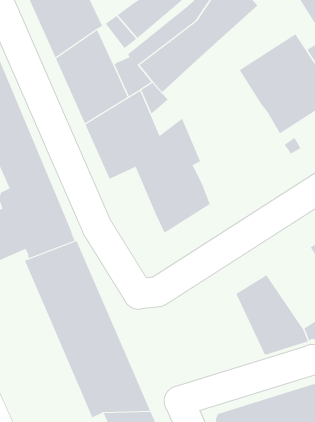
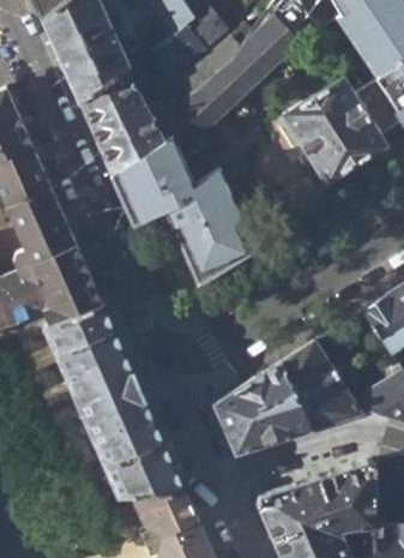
building: none -> [212,362,310,455]

